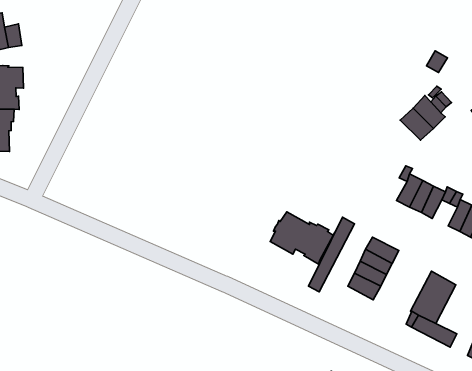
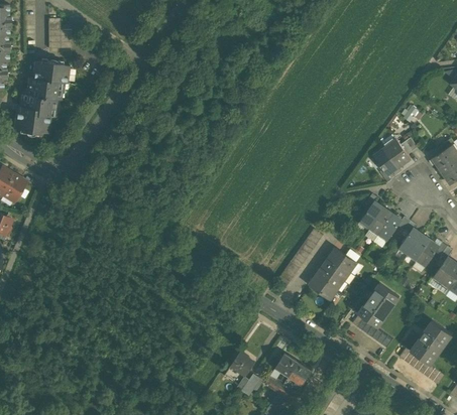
building: [270,212,335,264] -> none

